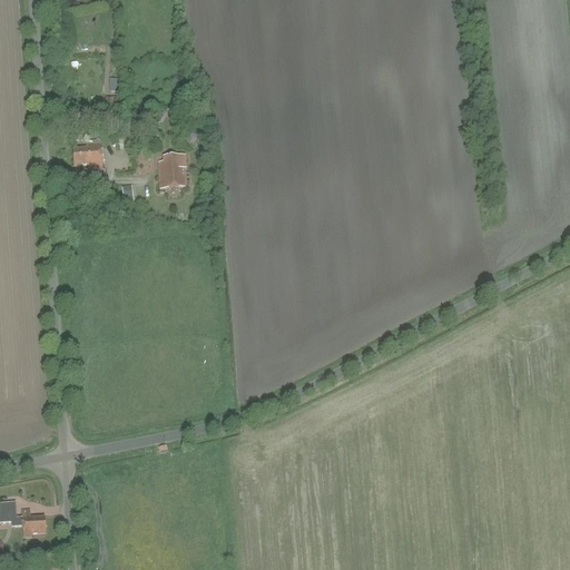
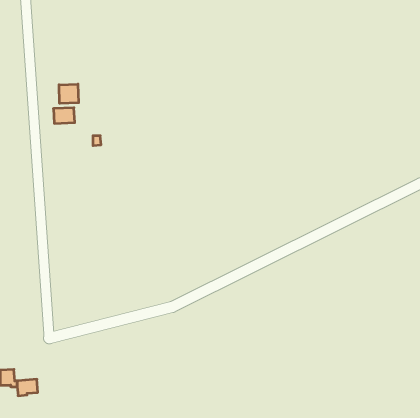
building: none -> [59,84,79,103]
building: [157,154,185,186] -> none

